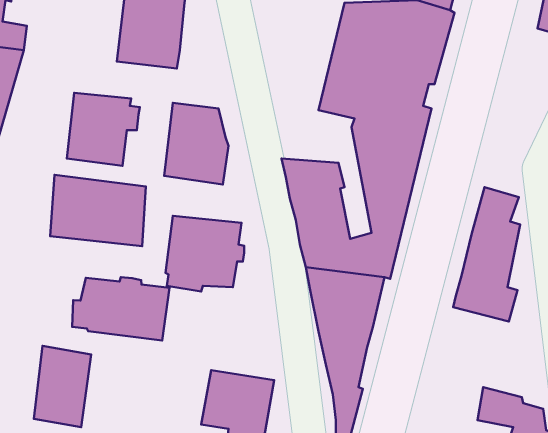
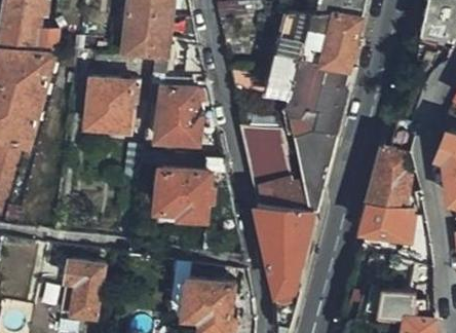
building: [50,175,146,246] -> none
building: [72,277,169,340] -> none

